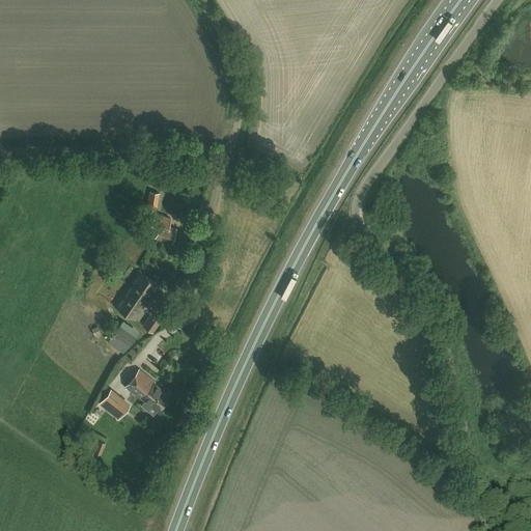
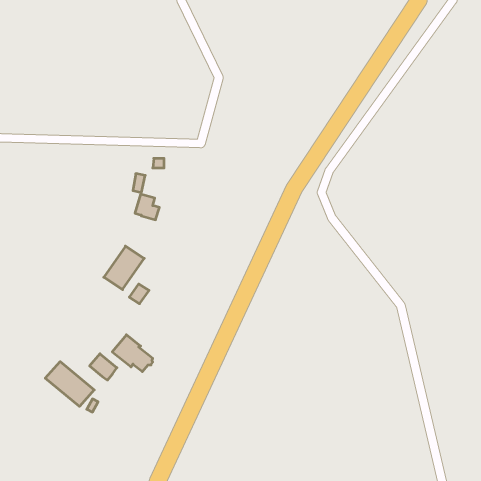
building: [109,319,141,353] -> none
building: none -> [45,362,94,406]

